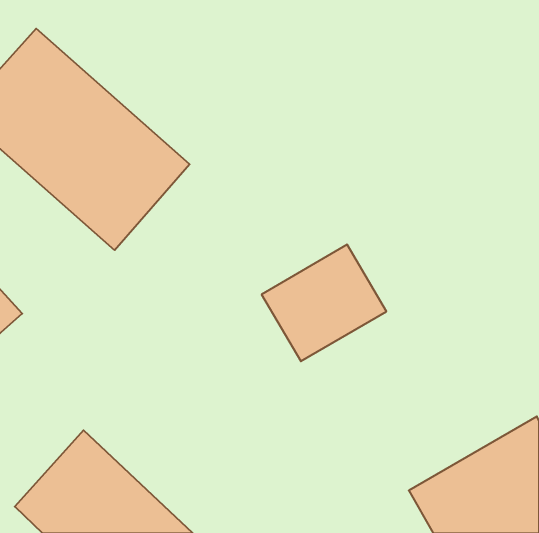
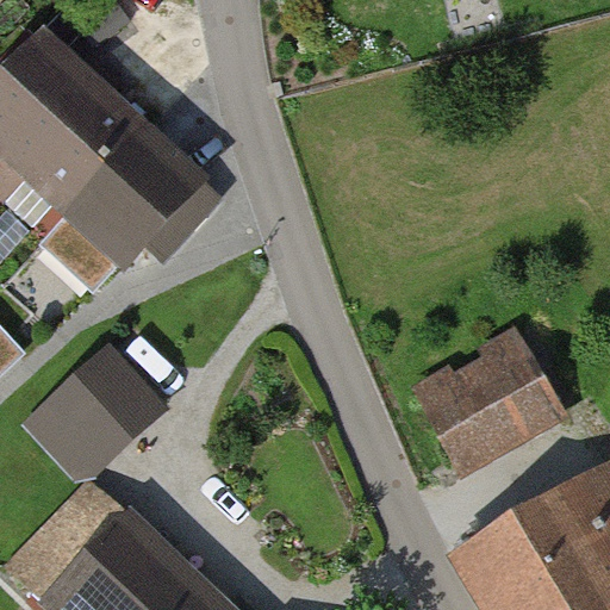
building: [262,245,386,361] -> [416,332,556,463]
building: none -> [37,346,166,474]

